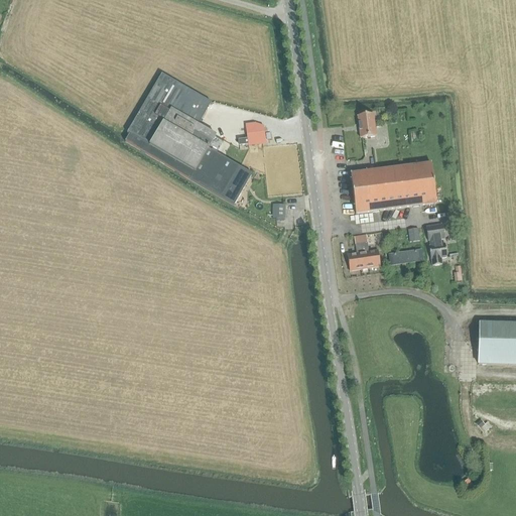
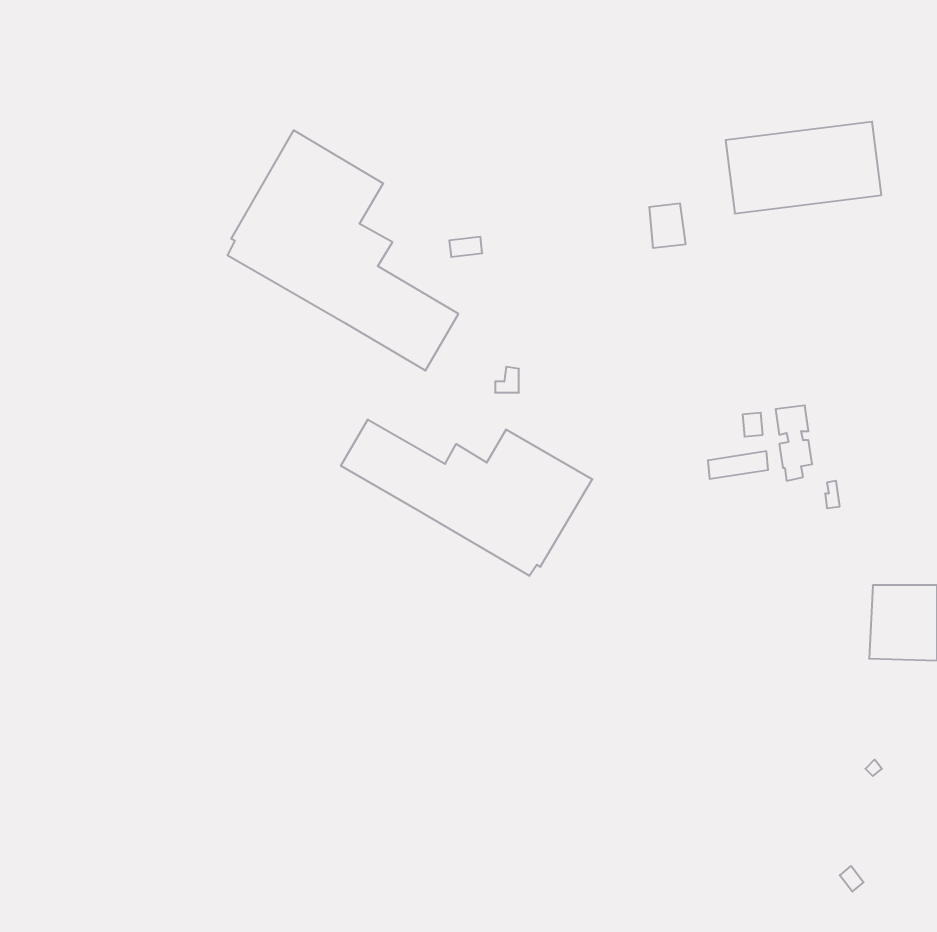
building: [351,161,436,212] -> [726,122,881,213]
building: none -> [341,419,592,576]
building: [347,232,380,269] -> none

